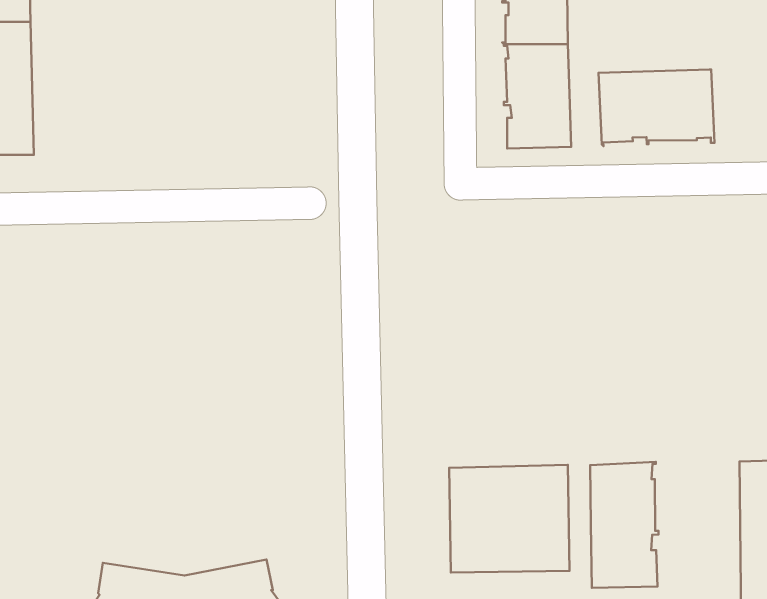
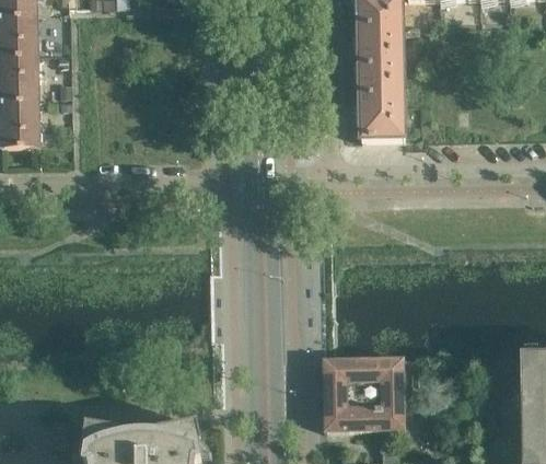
building: [598,70,714,146] -> none
building: [590,462,659,588] -> none

